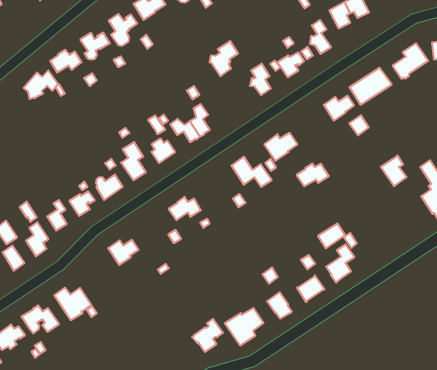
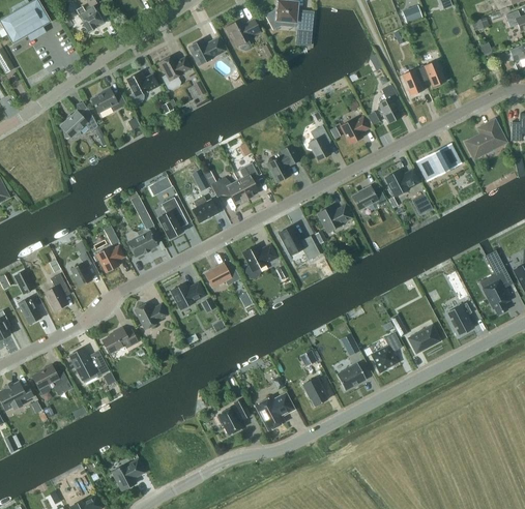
building: [210,41,238,76] -> [266,145,298,182]
building: [381,155,407,186] -> [445,302,472,335]
building: [297,164,329,186] -> [351,185,386,209]
building: none -> [241,242,278,278]
building: none -> [169,280,206,310]
building: [318,223,345,248] -> [408,326,438,352]
building: none -> [101,327,137,353]

